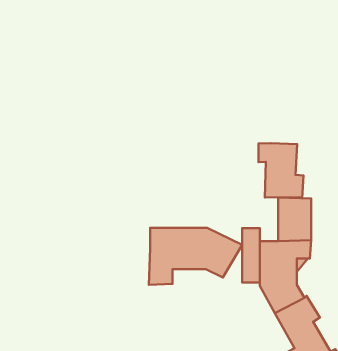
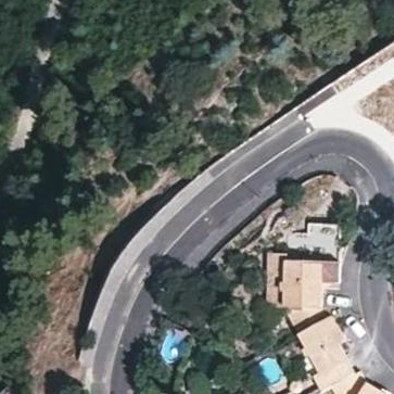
building: [258,143,304,198] -> none
building: [149,228,242,285] -> none

